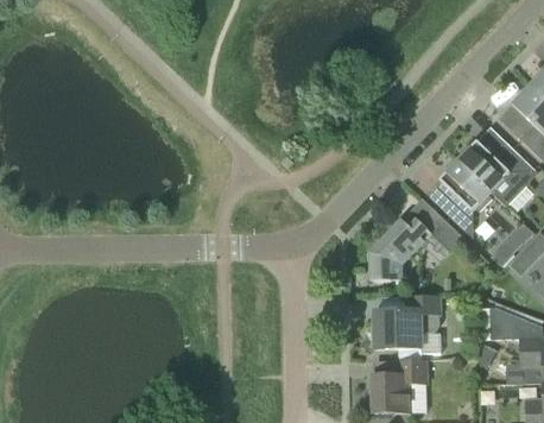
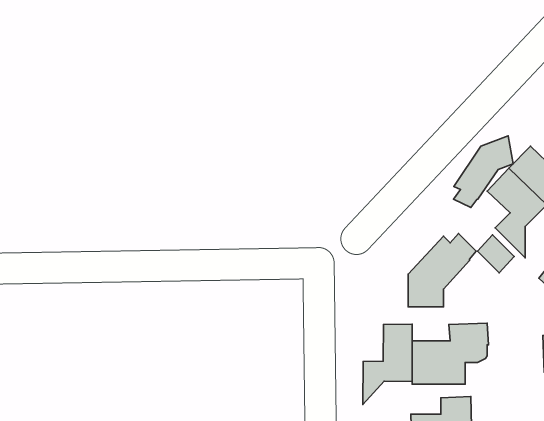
building: none -> [454,136,513,208]
building: none -> [363,324,412,404]

